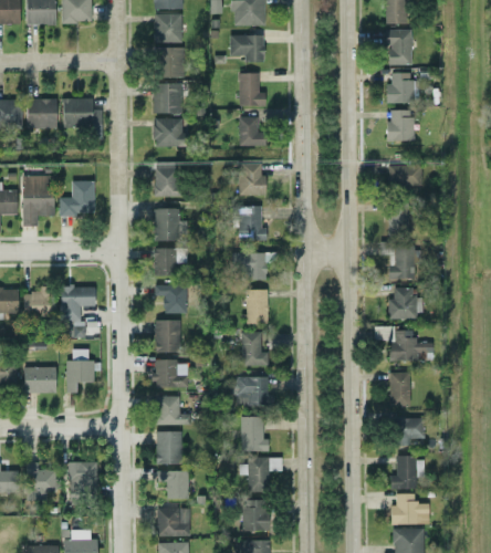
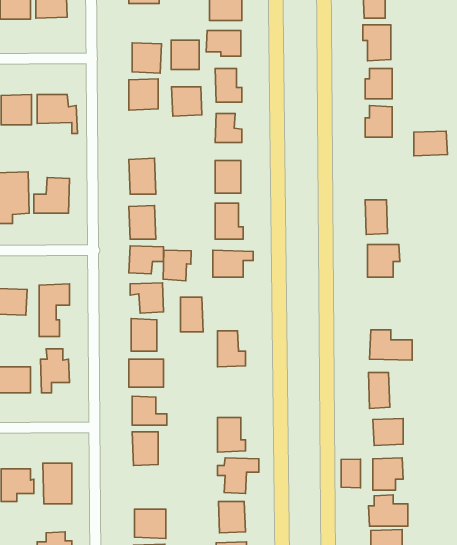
building: [155,14,182,43] -> [171,40,199,69]
building: [154,118,184,147] -> [172,87,202,116]
building: [389,165,422,189] -> [414,131,447,156]
building: none -> [163,250,191,281]
building: [389,288,422,317] -> none
building: [247,290,269,324] -> [181,297,203,332]
building: [236,377,269,406] -> none
building: none -> [341,459,360,488]
building: [158,471,189,499] -> none

